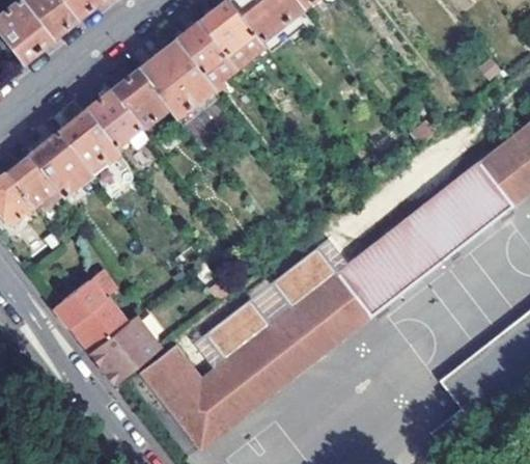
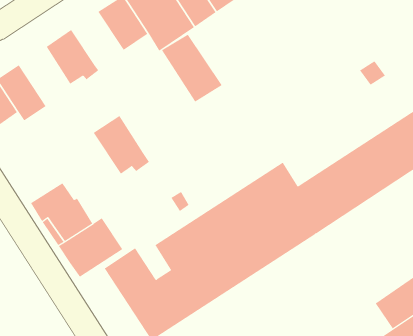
building: [84,88,141,148] -> none
building: none -> [161,34,222,102]
building: [29,132,94,197] -> [93,115,150,174]

